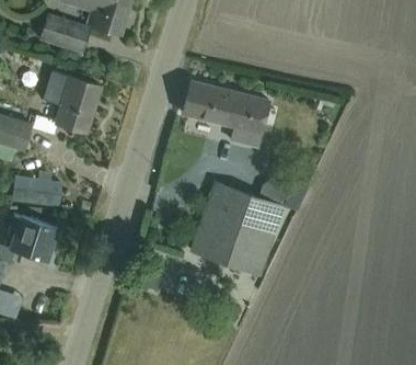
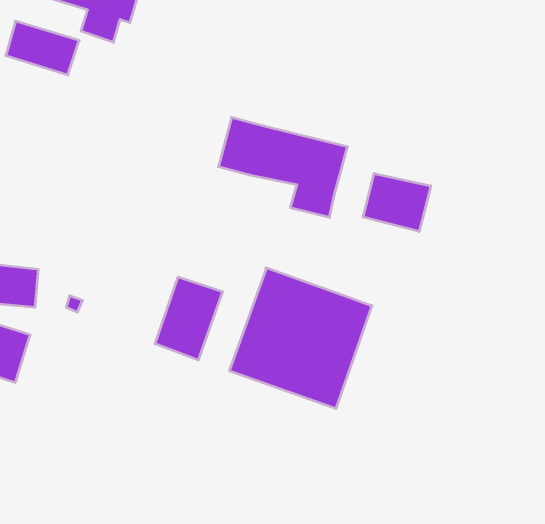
building: [43,71,101,133] -> none
building: none -> [363,173,431,232]
building: none -> [155,277,223,360]

